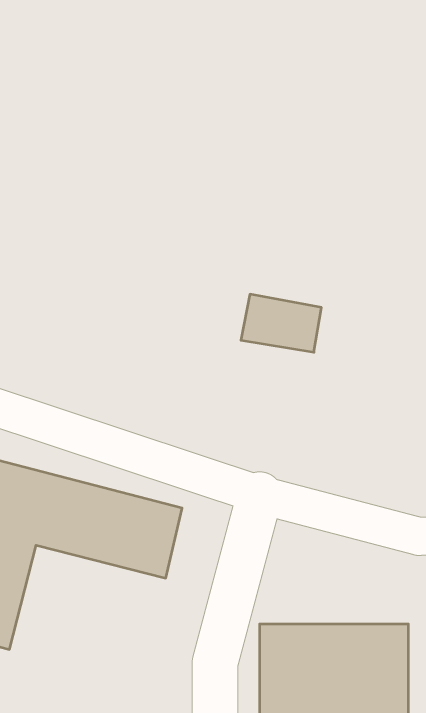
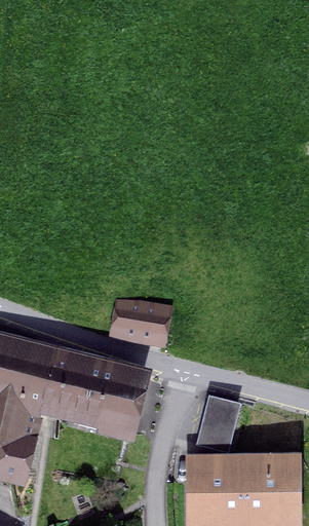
building: [241,294,321,352] -> [111,300,166,340]
building: none -> [202,399,238,449]

